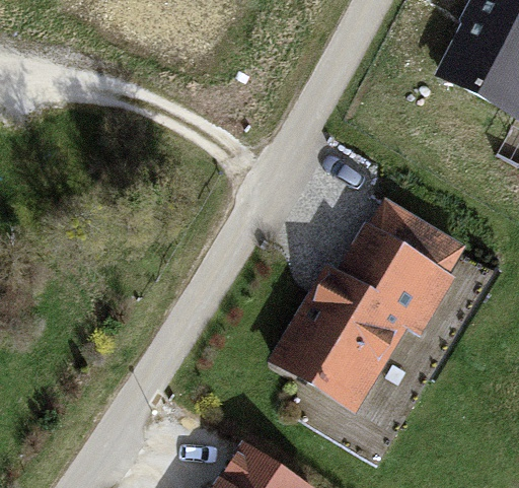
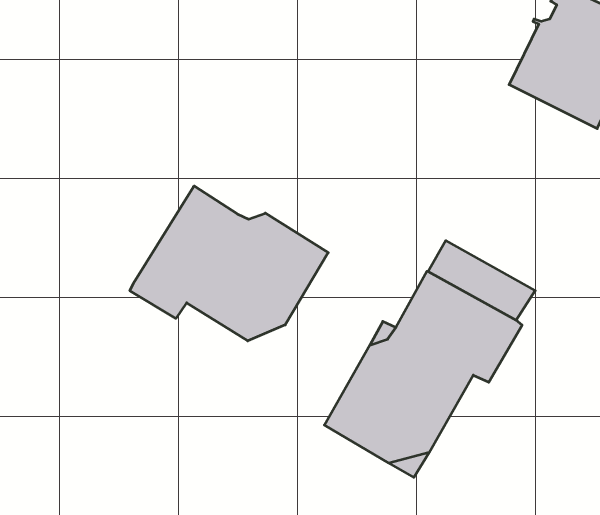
building: none -> [130,186,328,341]

